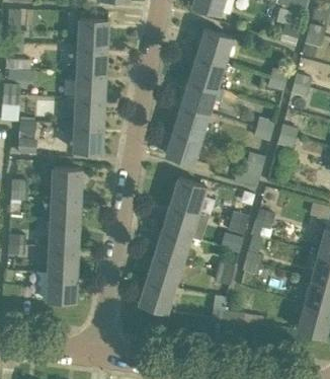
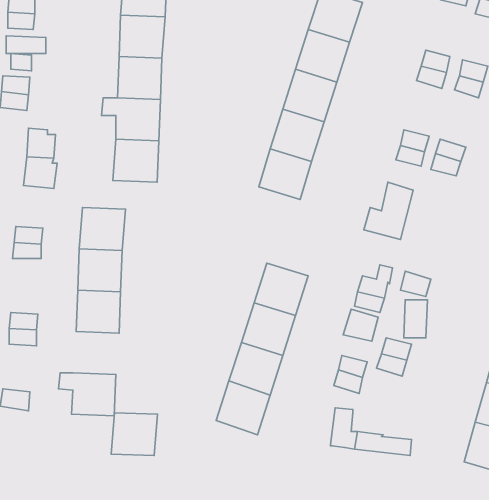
building: [171,178,205,212] -> none
building: [48,247,77,275] -> [111,413,157,456]

